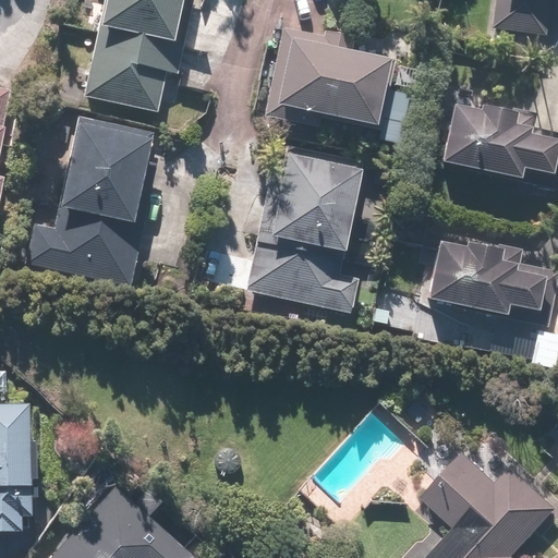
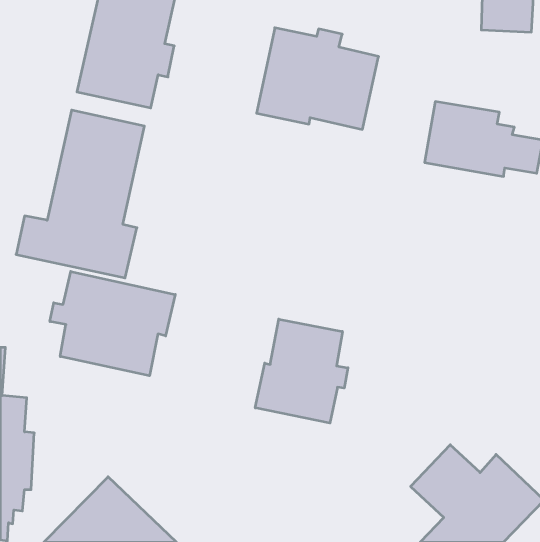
building: [247,157,362,312] -> none
building: [426,242,545,316] -> none
building: none -> [50,271,175,376]
building: none -> [255,319,348,423]

